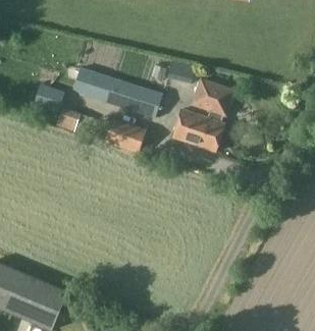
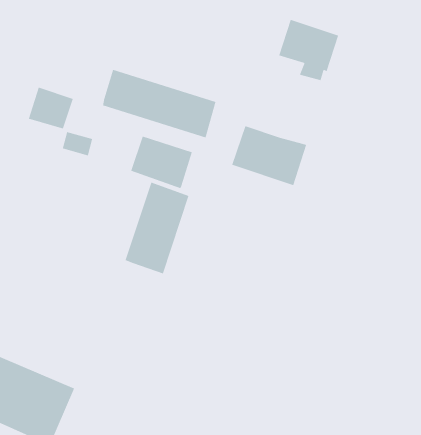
building: [192,79,233,122] -> [278,19,339,81]
building: none -> [124,182,190,274]

